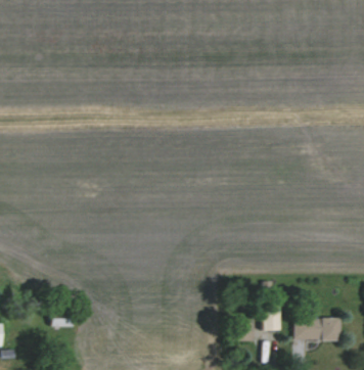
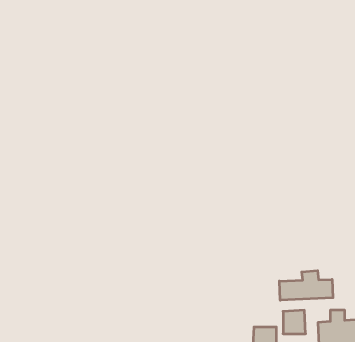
building: none -> [279,271,333,300]

